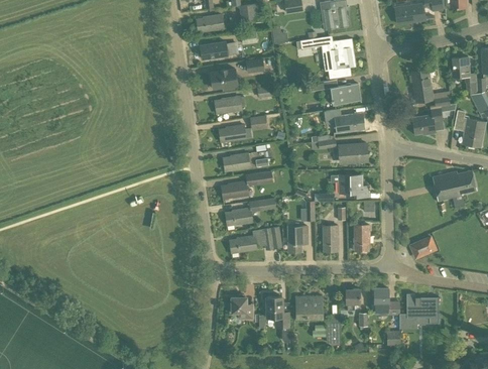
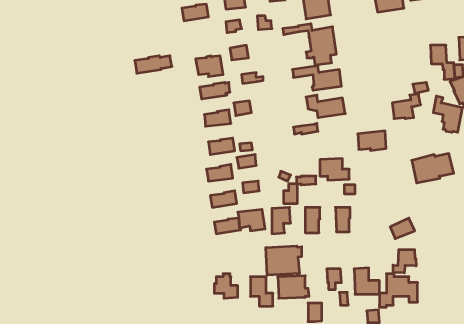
building: [200,41,238,59] -> [135,56,172,73]
building: [408,68,432,102] -> none
building: [338,142,367,162] -> [358,131,386,150]
building: none -> [266,246,302,275]
building: none -> [393,250,416,273]

